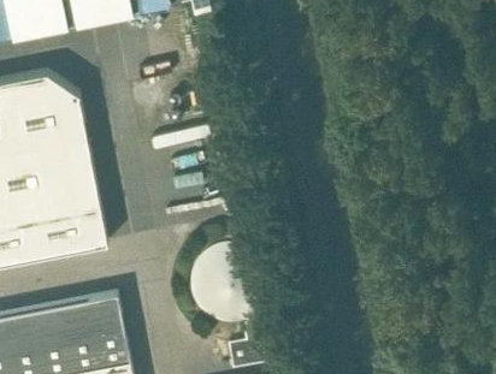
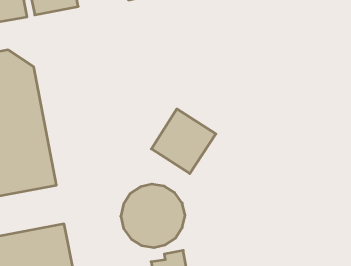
building: none -> [151,109,216,174]

